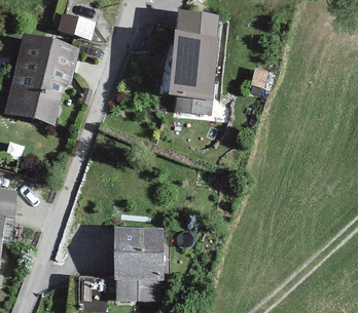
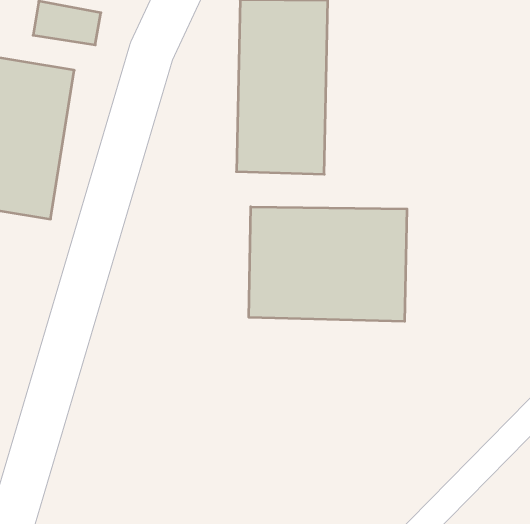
building: none -> [249,207,407,321]
building: [109,230,167,296] -> none

